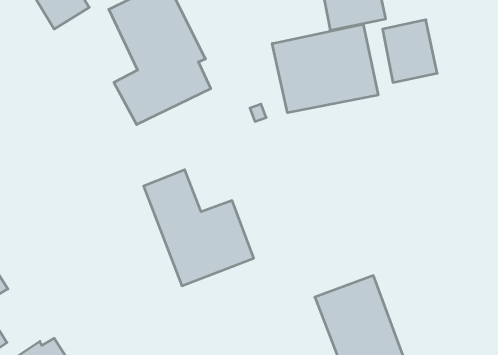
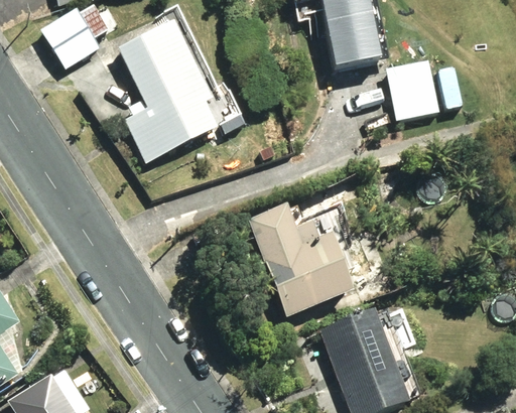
building: [272,24,378,113] -> none
building: [144,170,254,286] -> [248,202,356,316]

